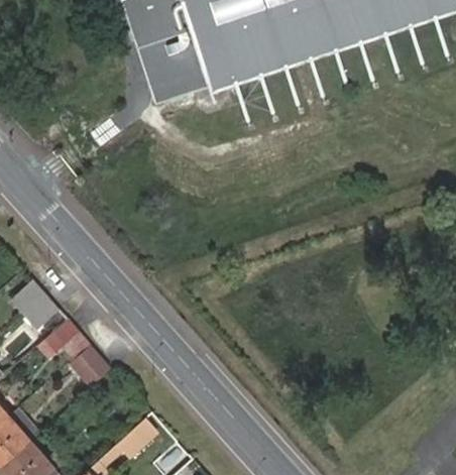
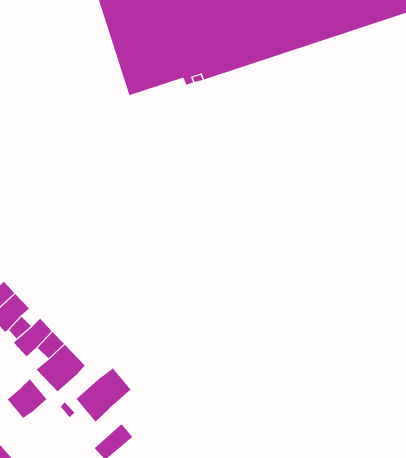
building: none -> [76,367,132,422]
building: none -> [7,379,47,419]

